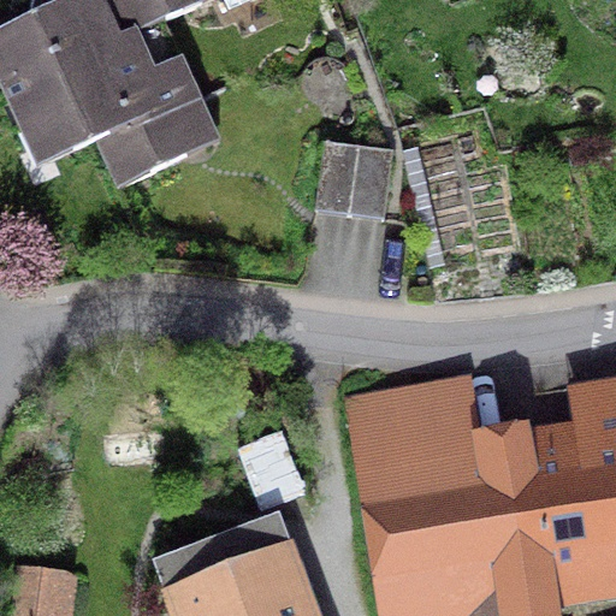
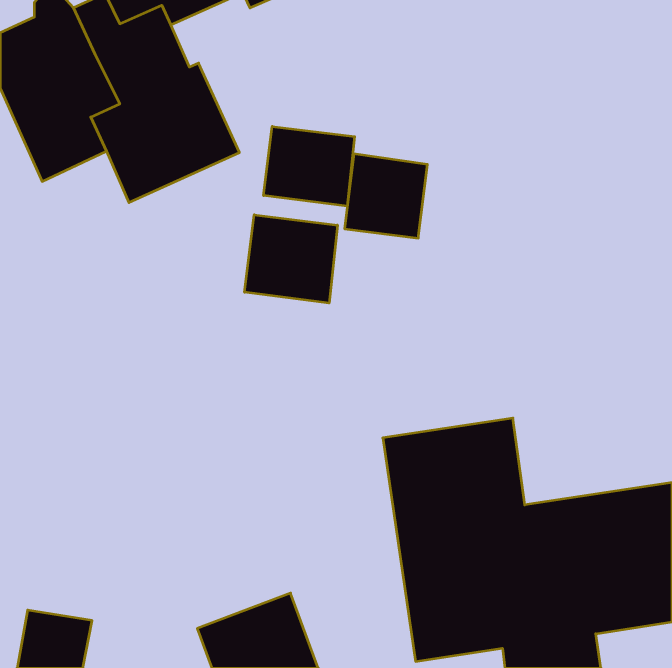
building: none -> [264,126,355,206]
building: none -> [245,215,337,303]

